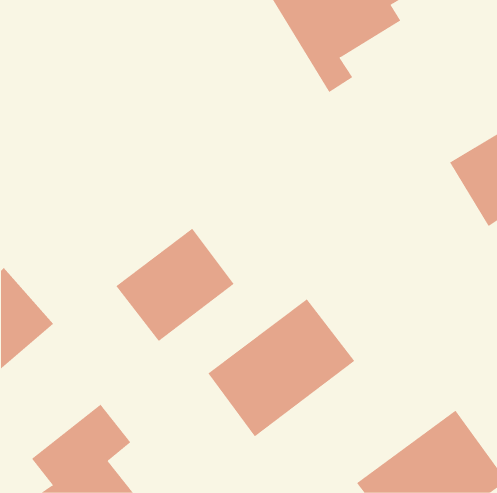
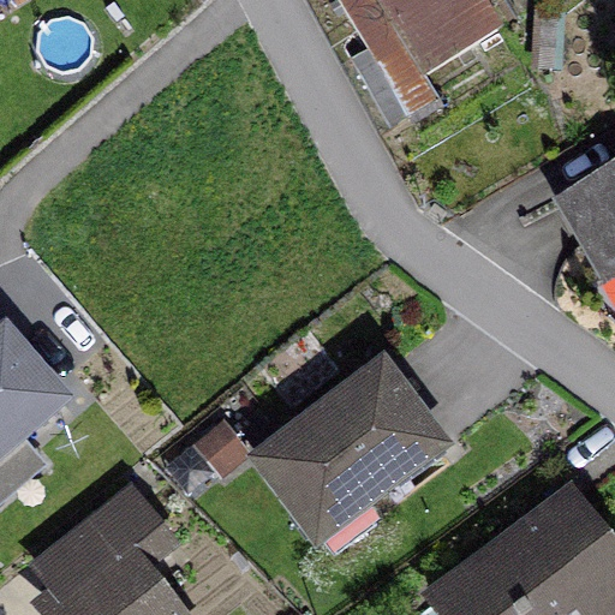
building: [115,228,235,342] -> none

